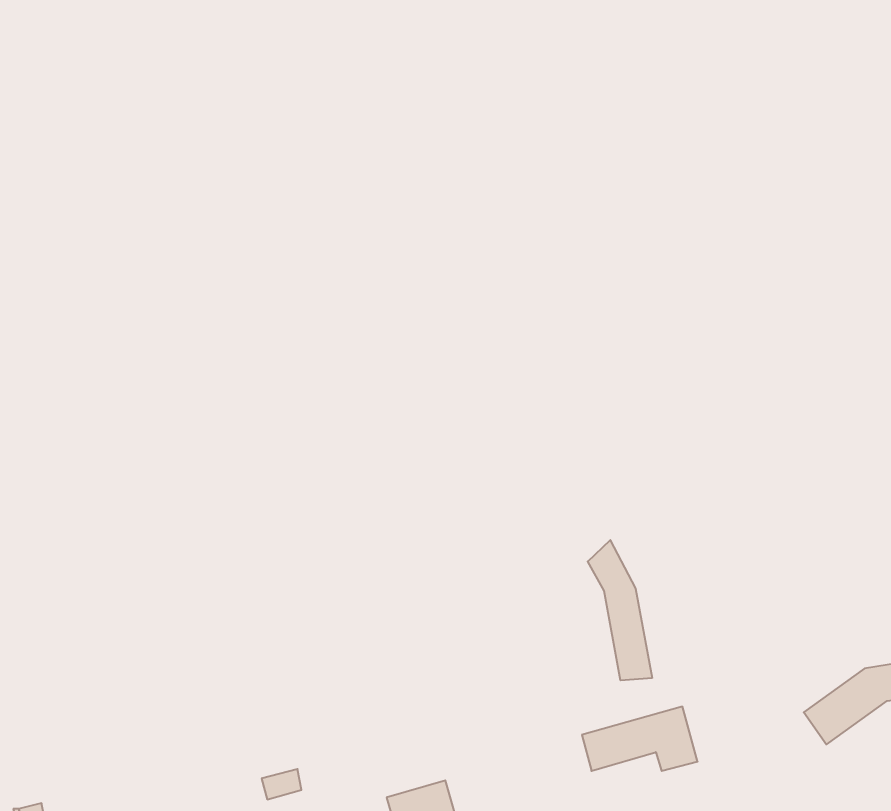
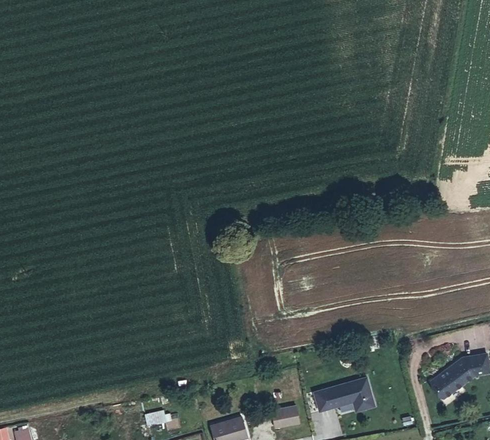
building: [588,540,652,680] -> none
building: none -> [271,406,299,428]

